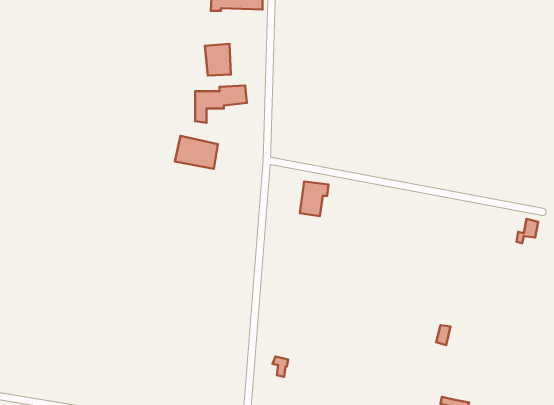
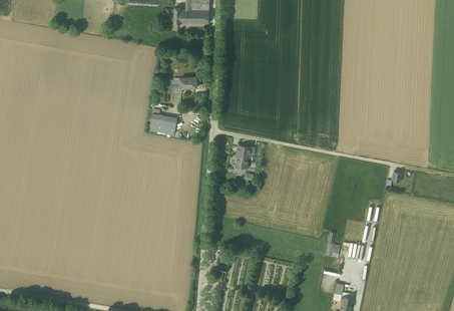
building: [205,44,231,76] -> none

